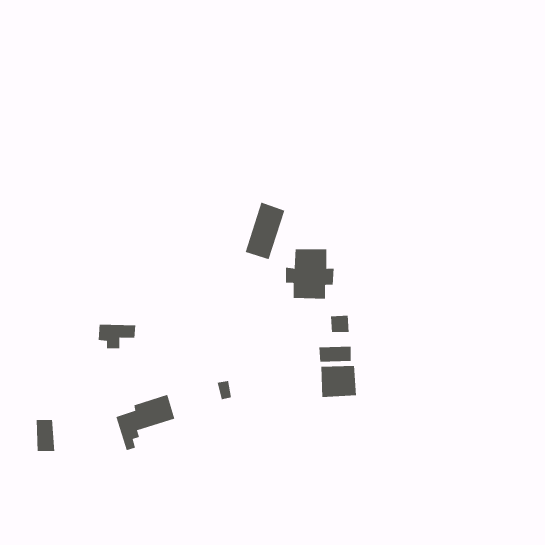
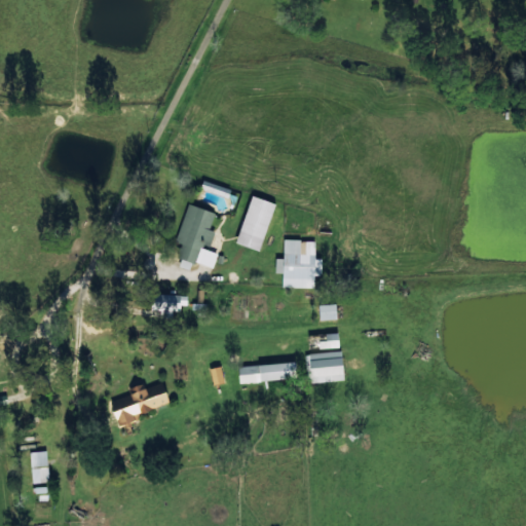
building: none -> [174,204,218,268]
building: [98,324,136,349] -> [151,295,188,318]
building: none -> [238,362,297,384]
building: [36,419,55,451] -> [31,452,49,483]

